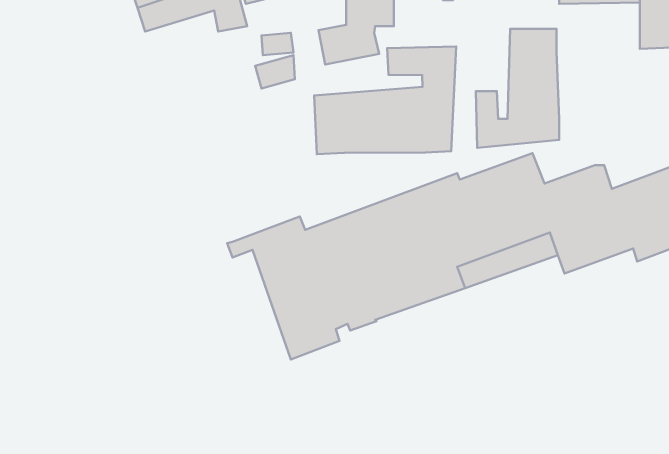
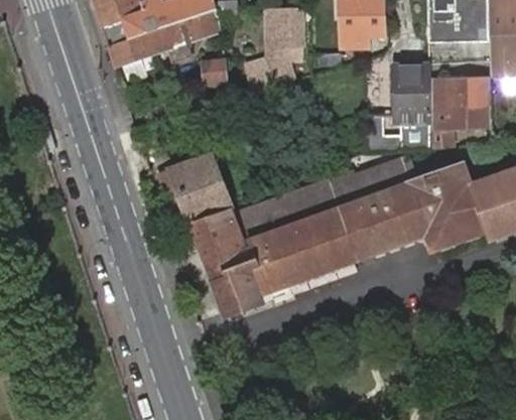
building: [314,46,456,154] -> none
building: none -> [427,78,492,131]
building: none -> [149,155,227,234]

